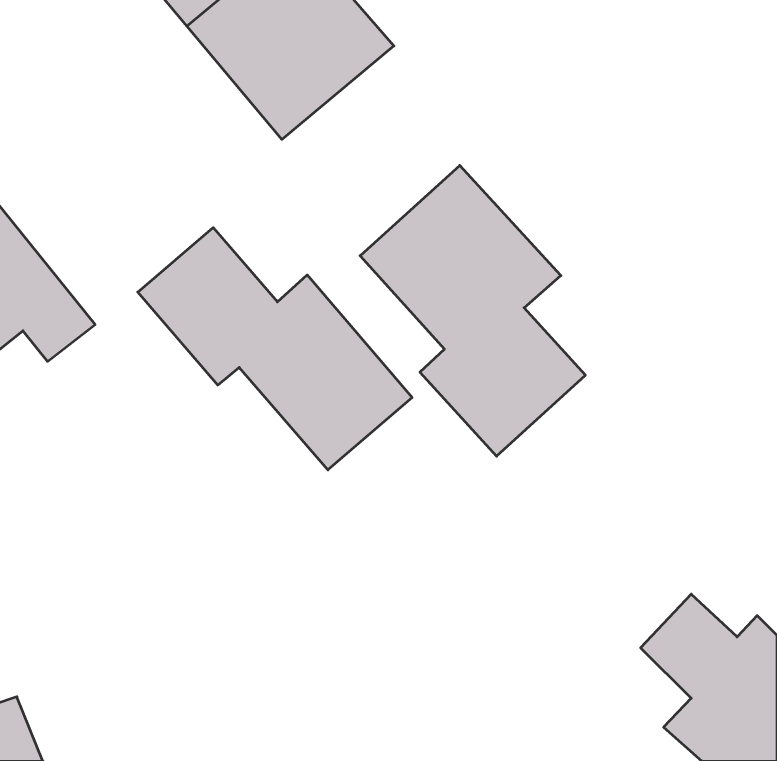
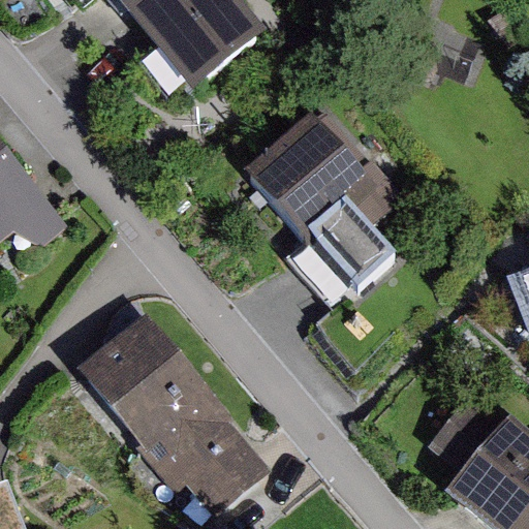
building: [138,228,412,470] -> none
building: none -> [76,314,275,509]

